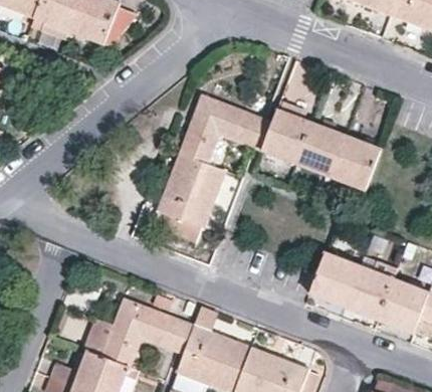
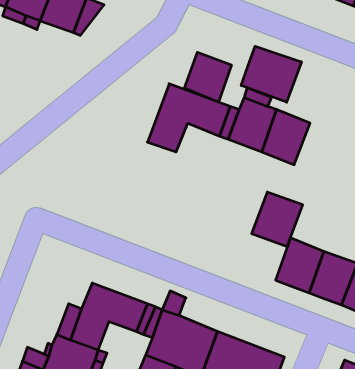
building: none -> [241,46,301,102]
building: none -> [185,52,231,102]
building: [329,135,381,190] -> [252,192,303,246]
building: [153,154,224,241] -> none

